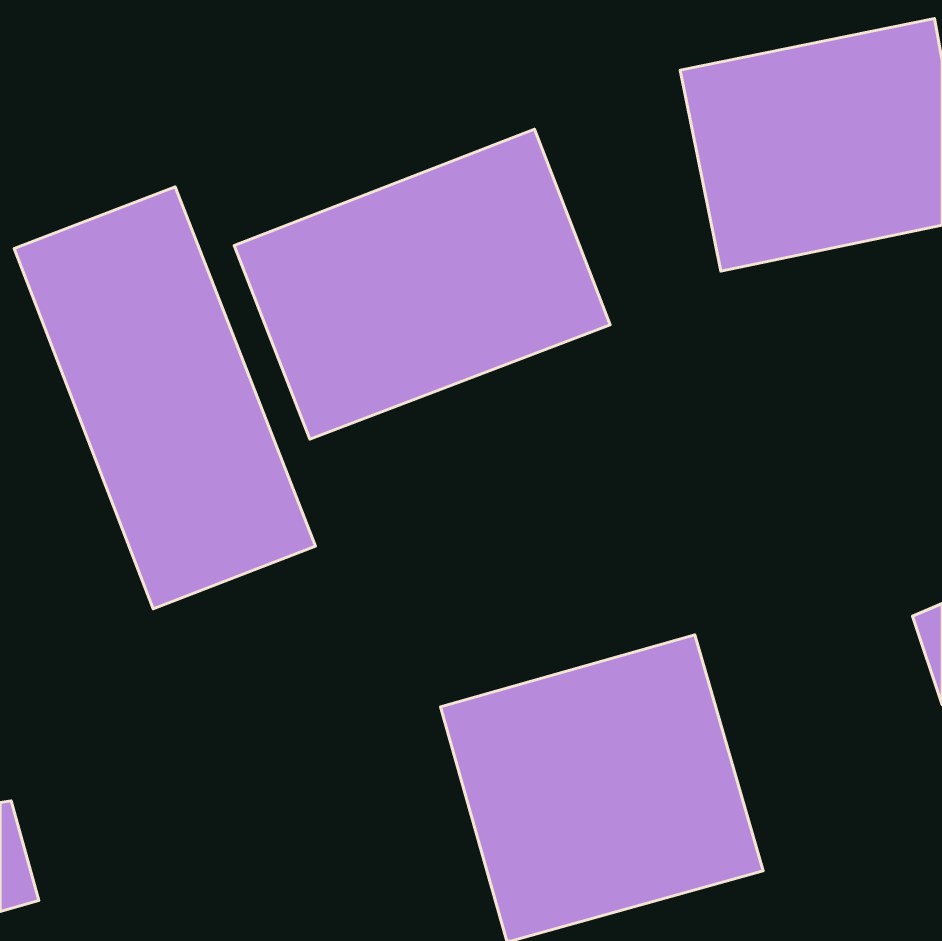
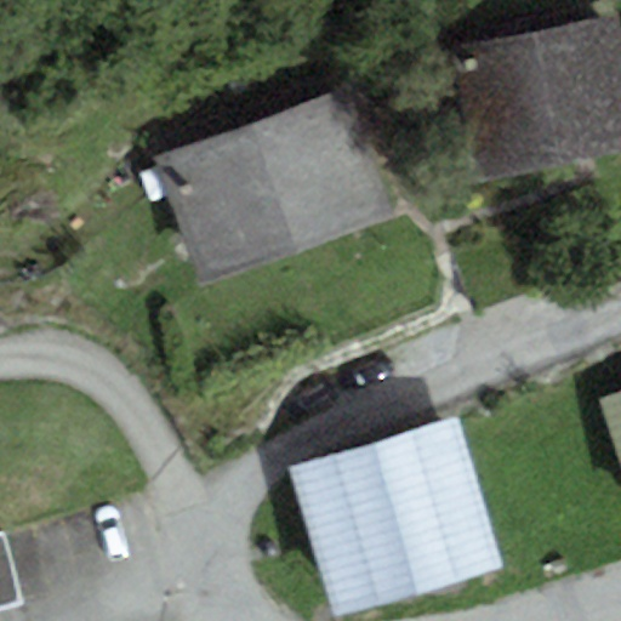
building: [14,187,316,609] -> none

